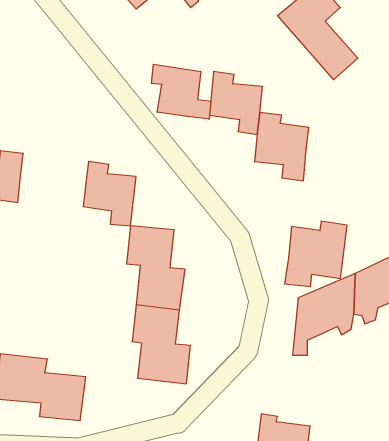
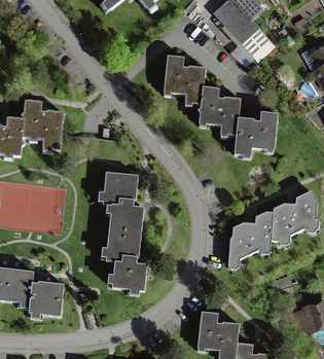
building: [151,64,211,119] -> none
building: [83,162,136,226] -> [20,101,60,149]
building: [285,221,347,287] -> [230,110,278,159]

